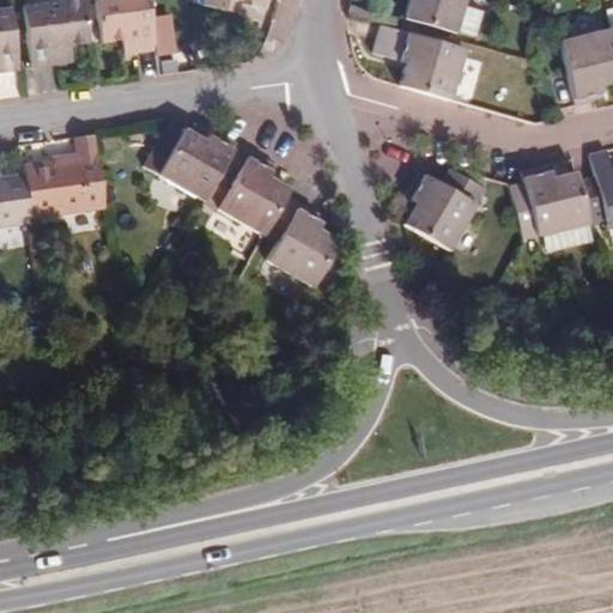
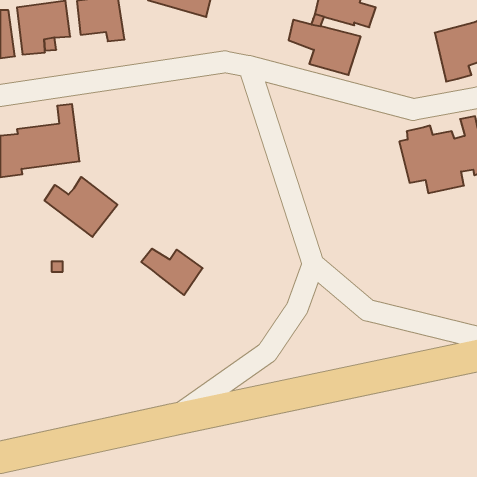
building: [148,131,336,285] -> none
building: [407,163,490,244] -> none
building: none -> [45,177,117,237]
building: none -> [141,249,203,295]

